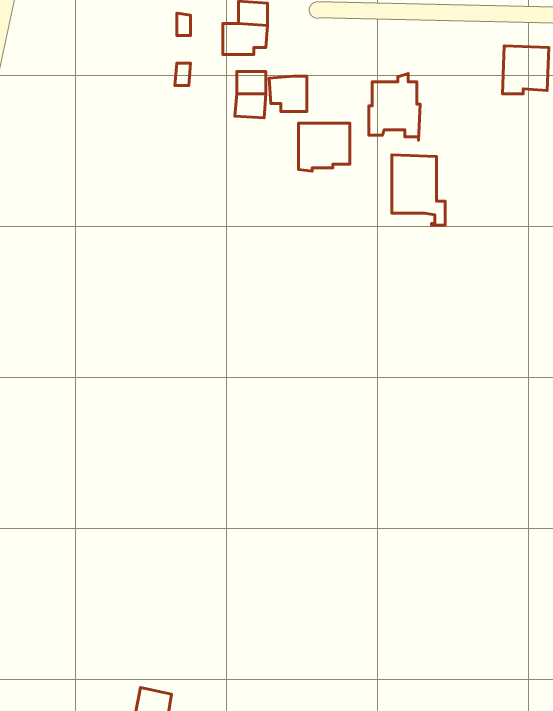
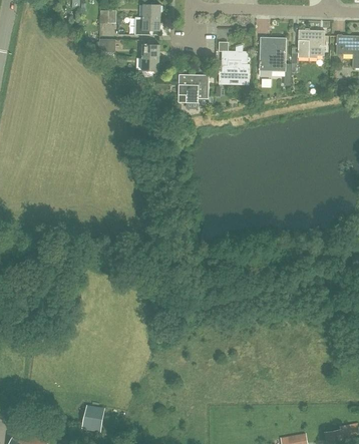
building: [269,76,307,111] -> none
building: [392,155,445,225] -> [259,36,290,77]

